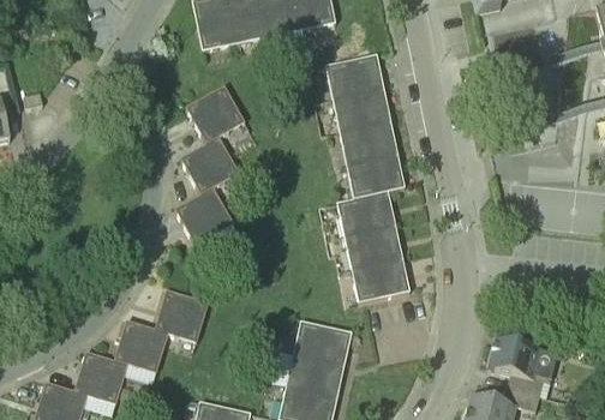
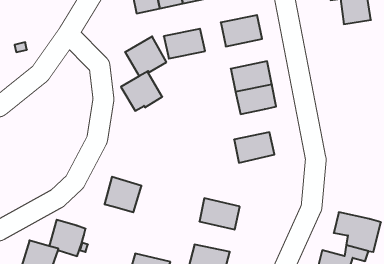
building: [331,88,391,131] -> [164,29,205,59]
building: [174,185,234,244] -> none
building: [336,190,395,234] -> none
building: [351,256,409,301] -> none
building: [114,319,168,372] -> none
building: [286,353,345,397] -> none

